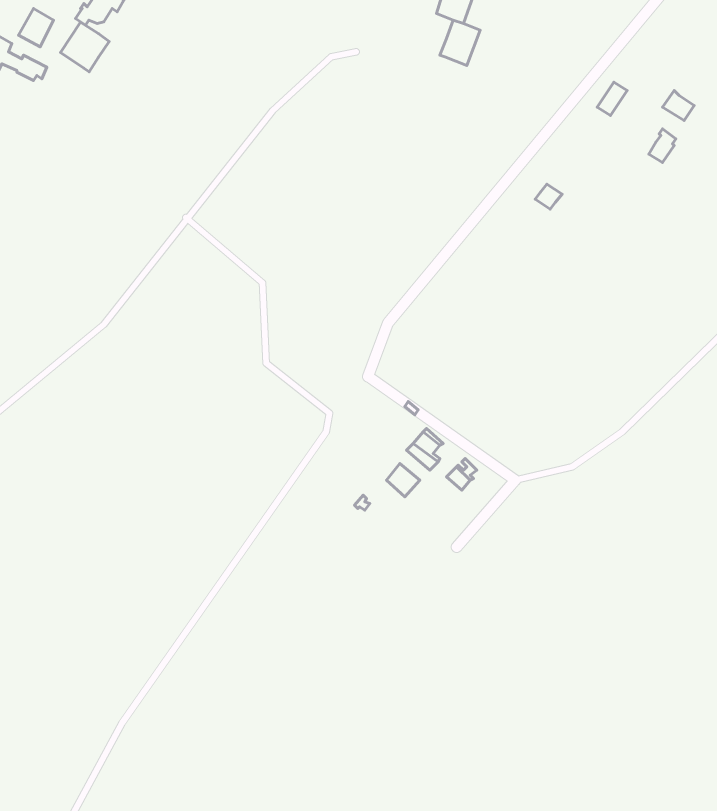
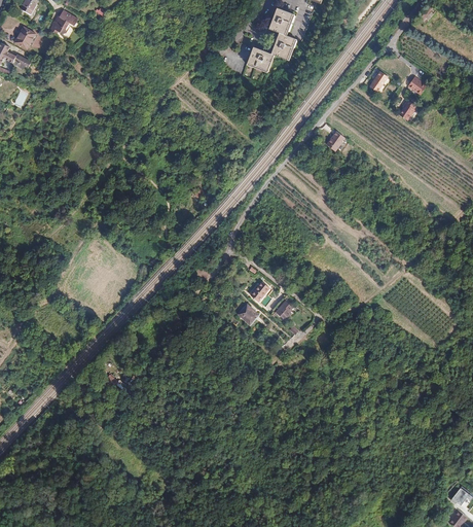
building: [60,22,109,72] -> none
building: none -> [247,46,275,71]

